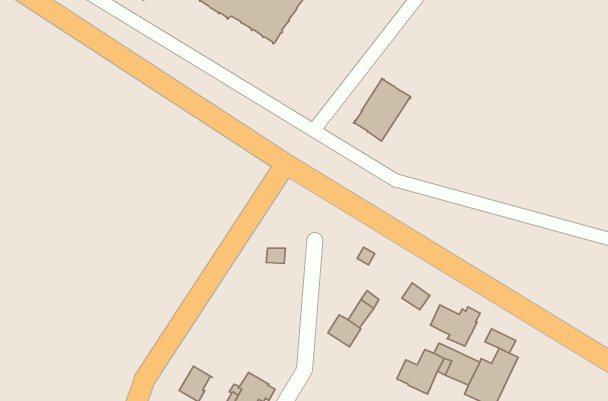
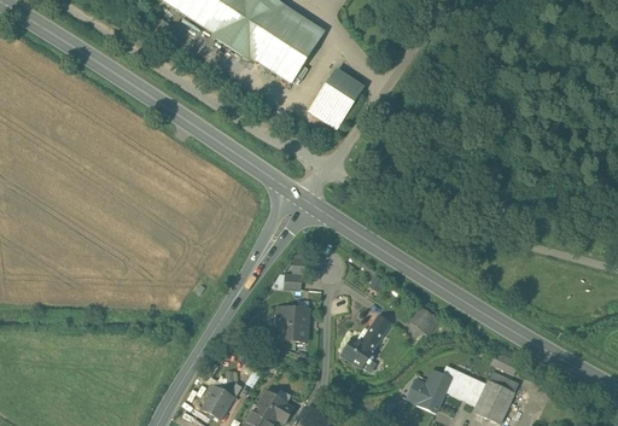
building: [353,78,411,141] -> [309,69,363,128]
building: none -> [280,308,308,342]
building: [431,305,480,346] -> none

